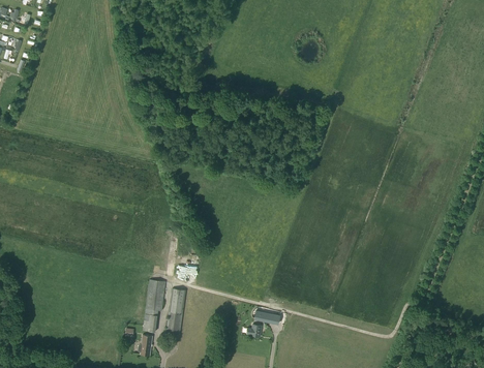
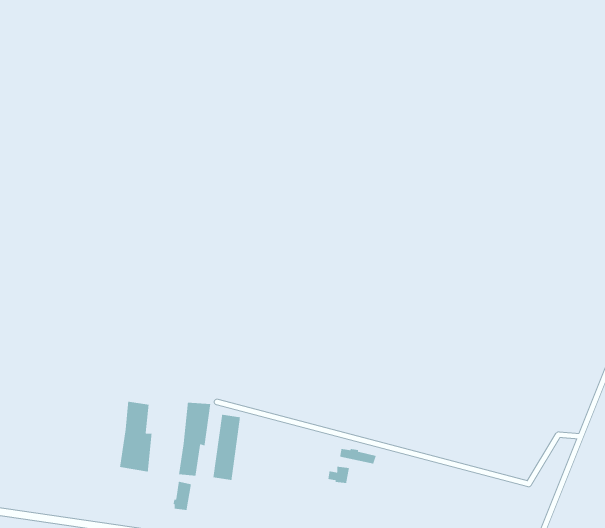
building: none -> [119,401,152,473]

